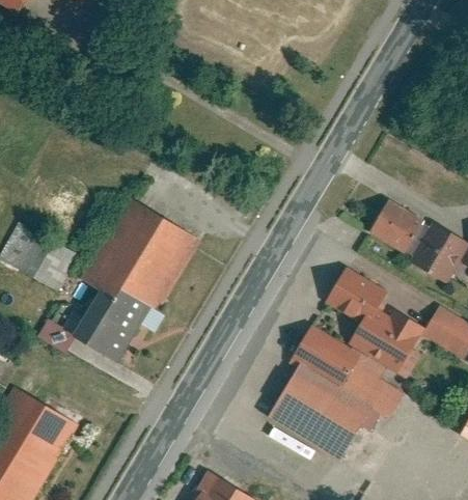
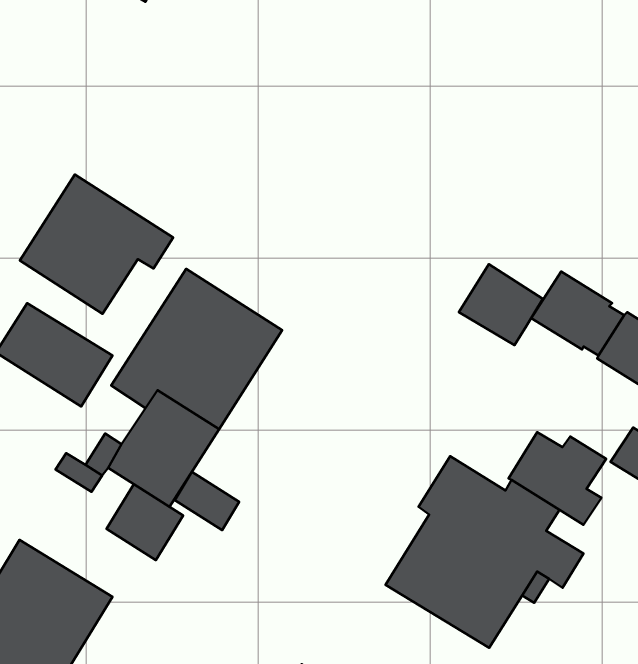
building: none -> [20,175,173,314]
building: [326,269,384,325] -> [459,264,543,345]
building: none -> [175,472,239,530]
building: none -> [107,484,183,560]

